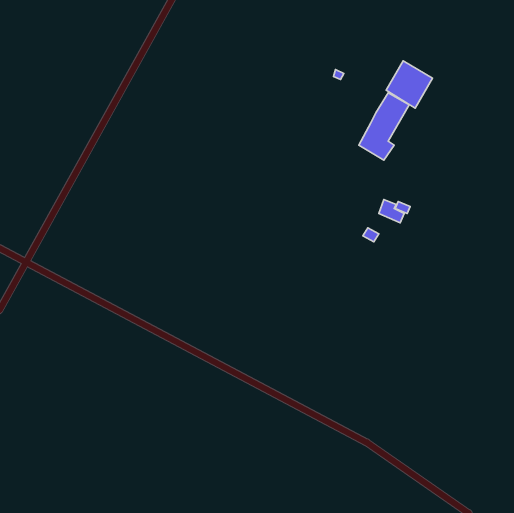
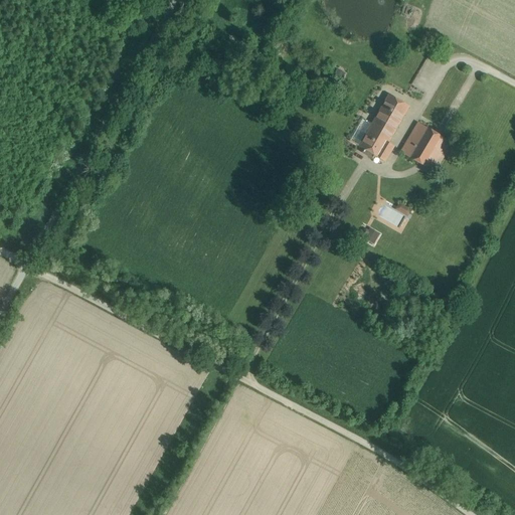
building: [386,61,432,108] -> [399,121,446,168]

